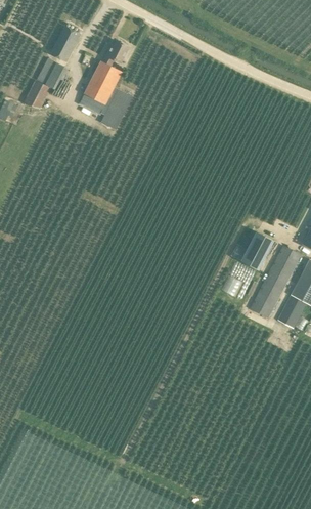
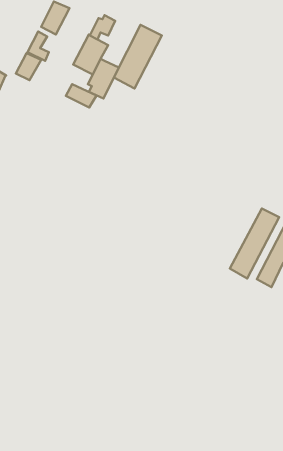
building: none -> [114,25,162,88]
building: none -> [66,84,96,108]
building: [241,229,275,270] -> none

